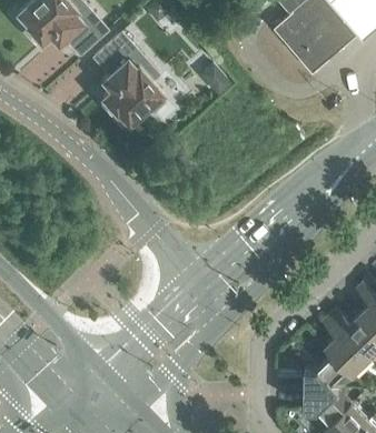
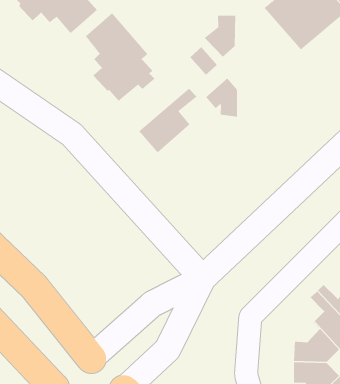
building: none -> [198,15,236,58]
building: none -> [204,77,238,117]
building: none -> [138,88,197,154]

